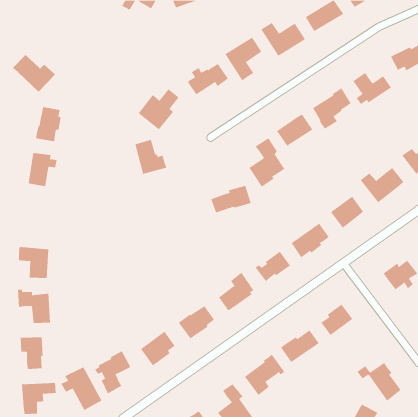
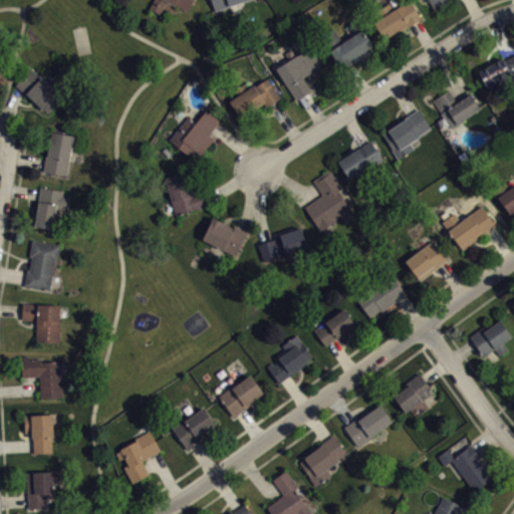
building: none -> [203,219,249,256]
building: none -> [25,241,60,291]
building: [61,366,102,411] -> none

